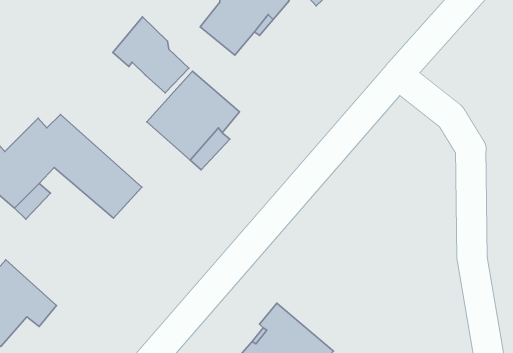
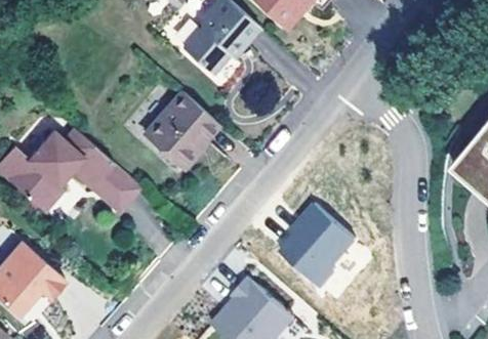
building: [113,17,189,93] -> none
building: none -> [274,205,360,292]

